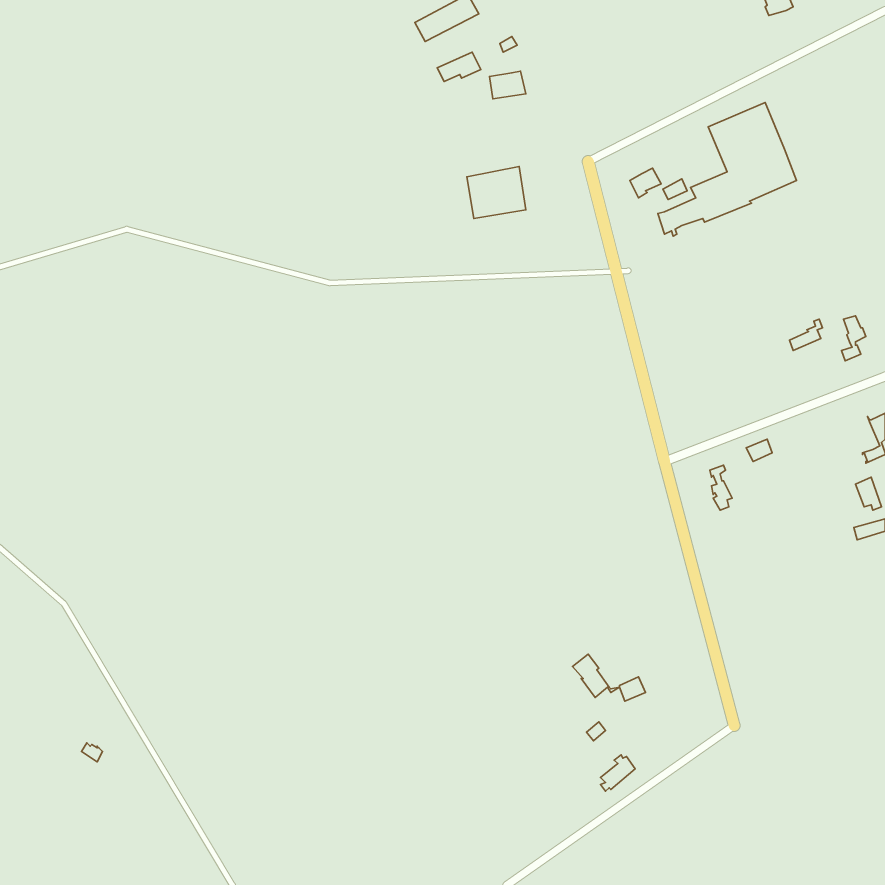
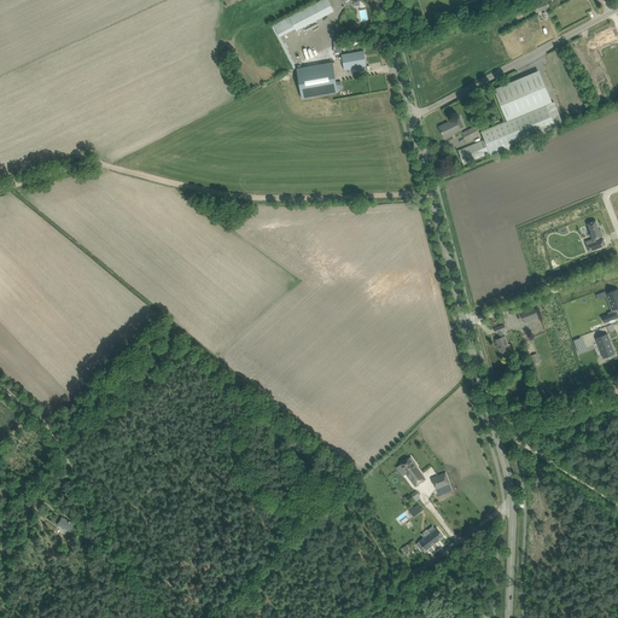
building: [467,166,526,218] -> [296,60,337,97]

